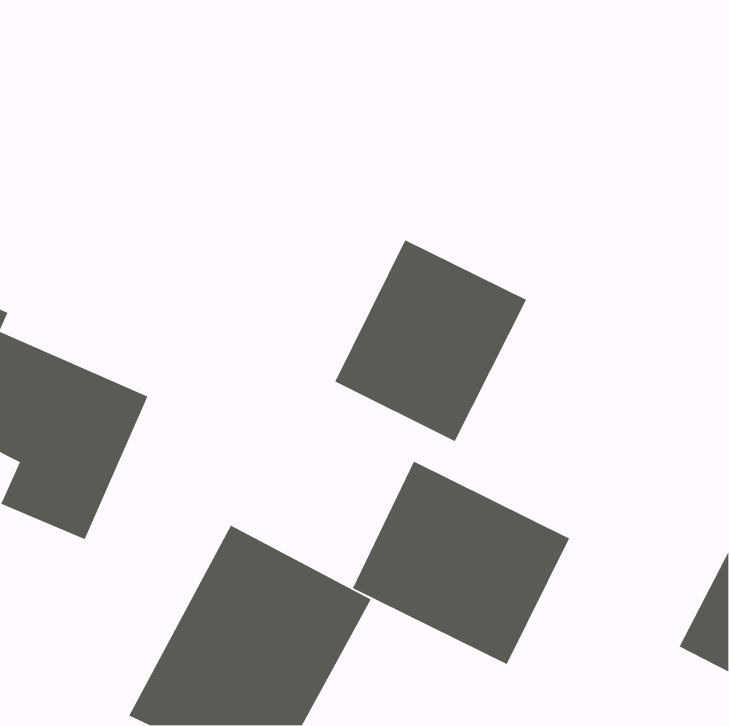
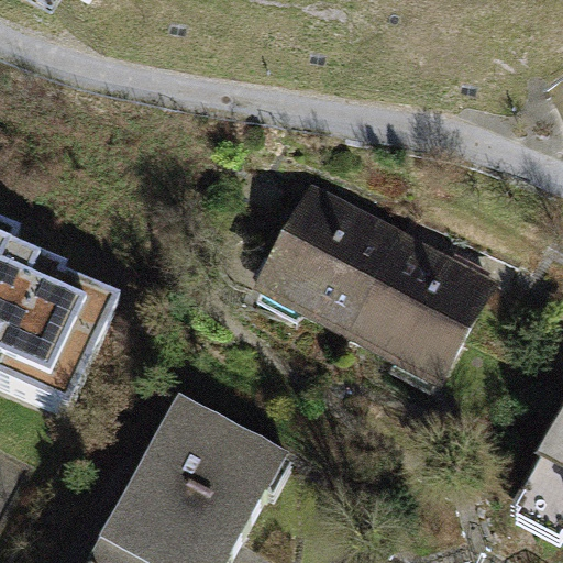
building: none -> [347,229,495,384]
building: [352,460,570,665] -> none

